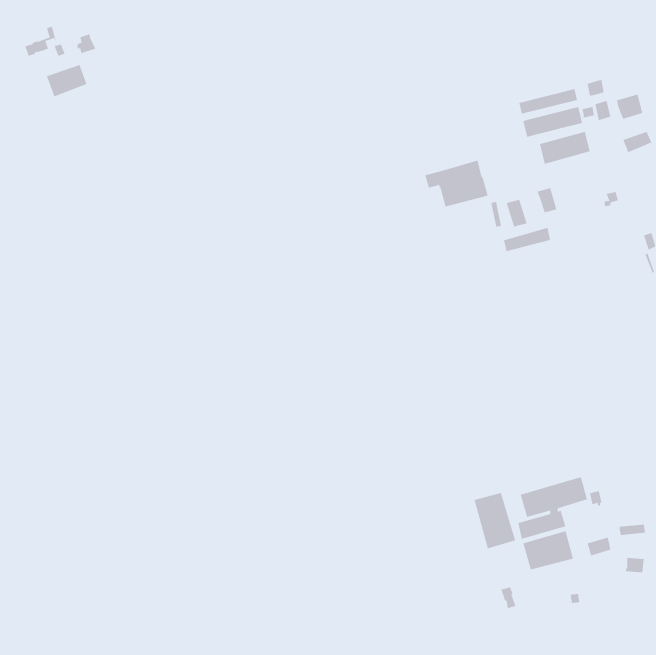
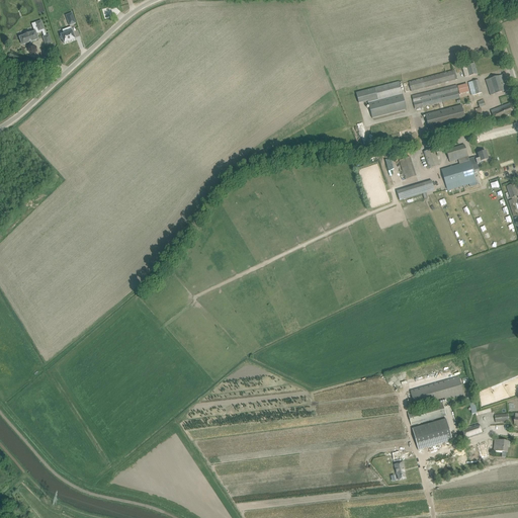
building: [46,64,87,97] -> none
building: [424,160,489,207] -> [356,80,407,117]
building: none -> [441,144,476,189]
building: [474,492,516,549] -> none

